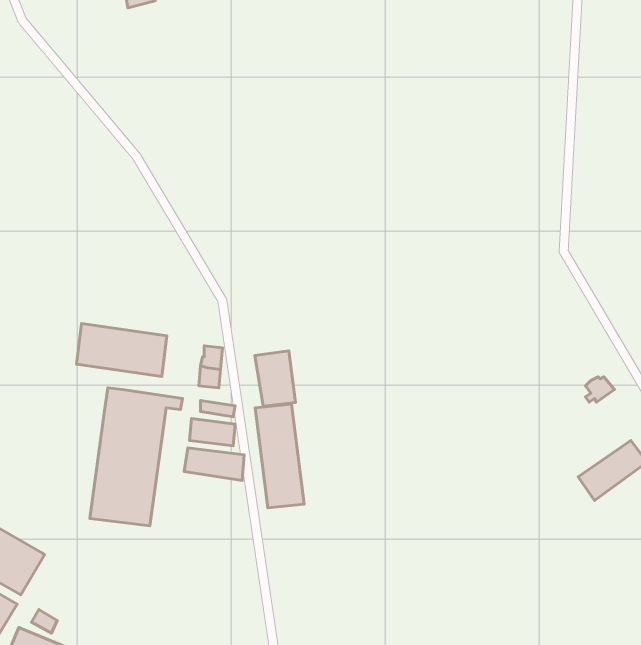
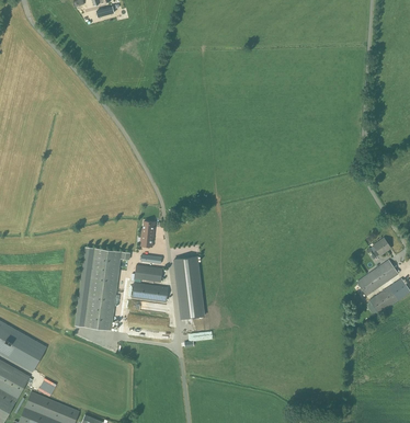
building: [77,324,167,376] -> none
building: [255,351,295,406] -> none
building: none -> [356,259,399,295]

